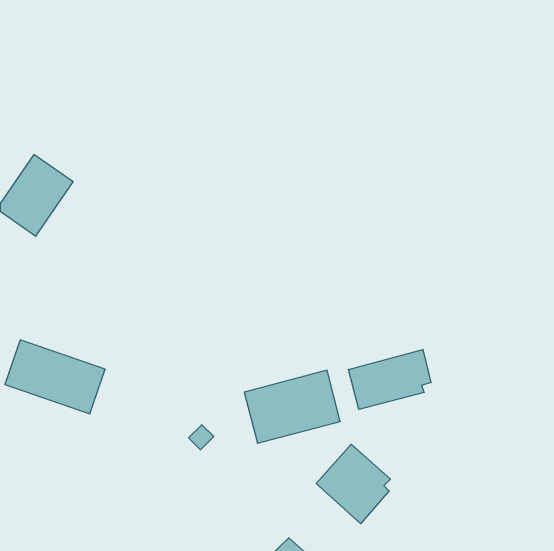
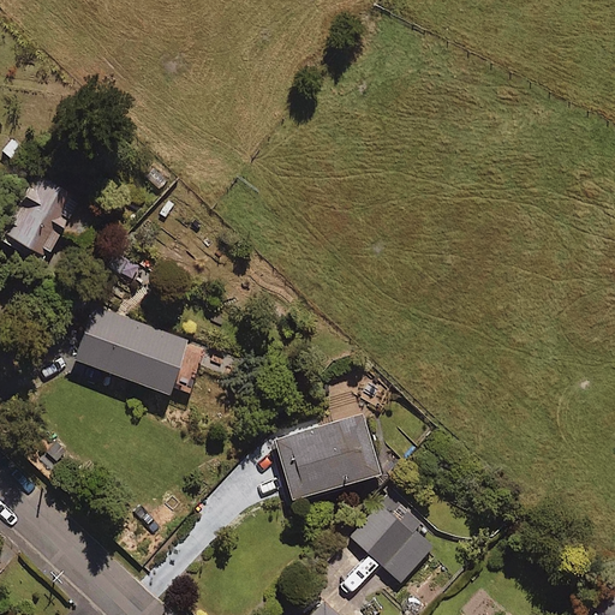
building: [5,340,105,414] -> [74,310,185,392]
building: [348,349,431,409] -> none

